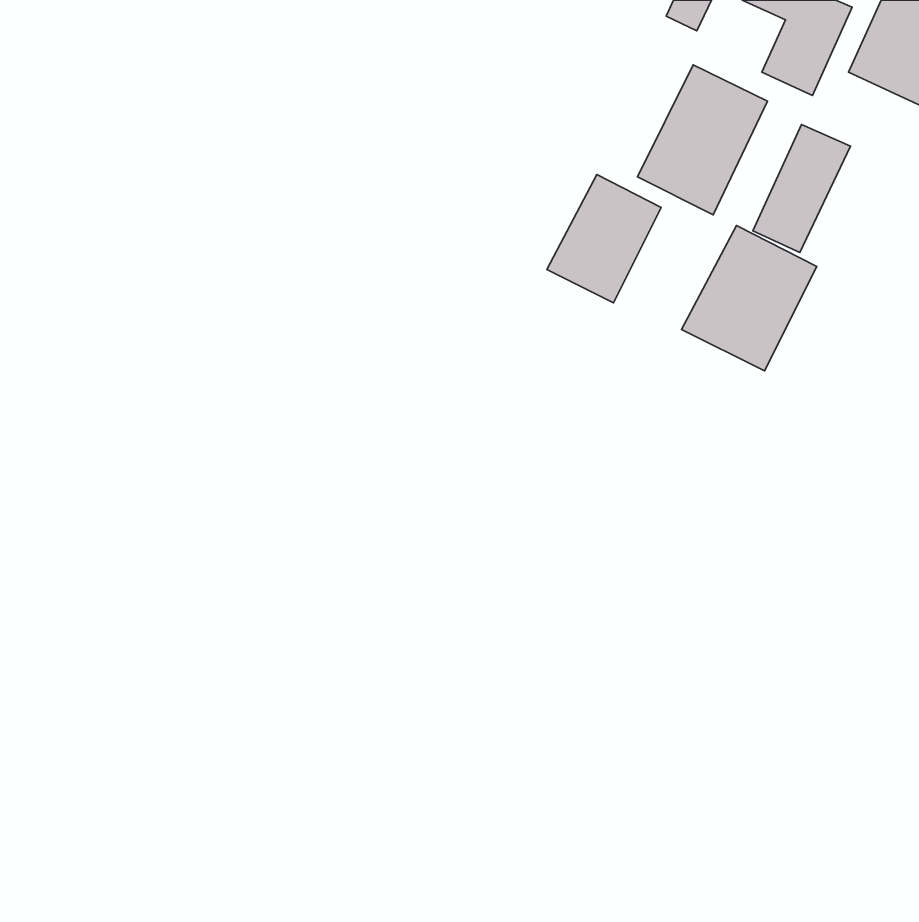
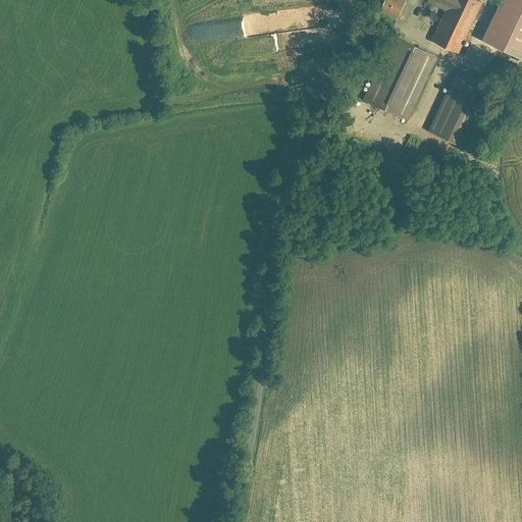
building: [547,174,661,303] -> none
building: [682,225,817,371] -> none

